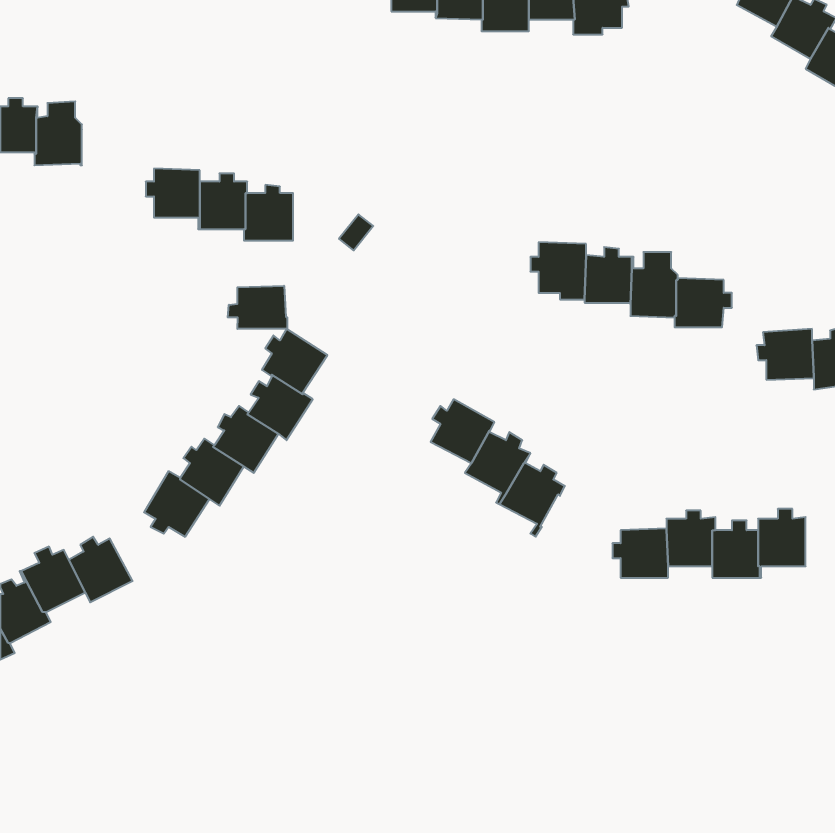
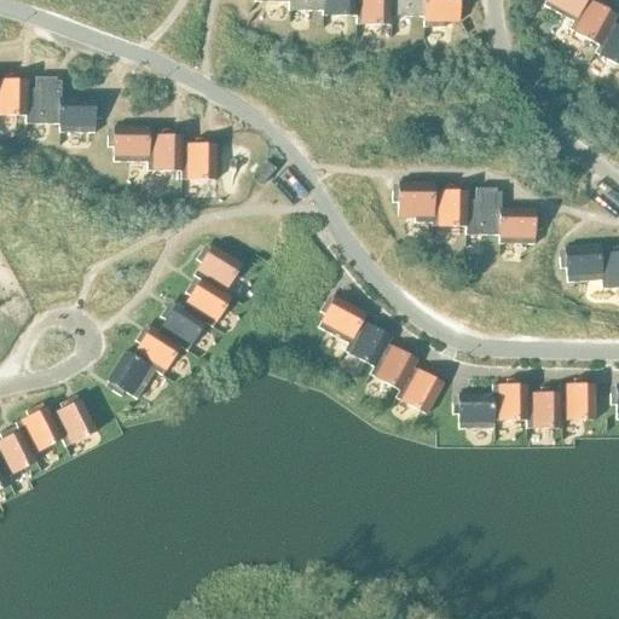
building: none -> [60,96,102,131]
building: [228,286,287,329] -> none
building: none -> [397,365,445,413]

